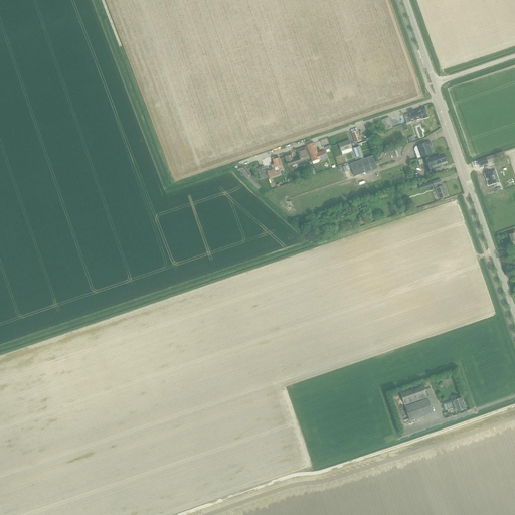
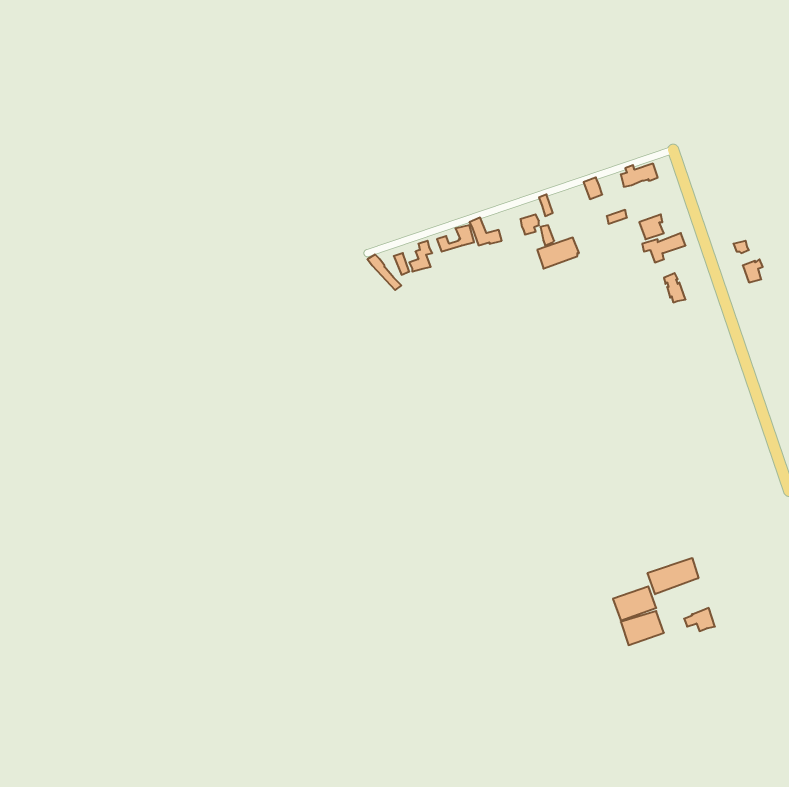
building: none -> [648,558,698,594]

